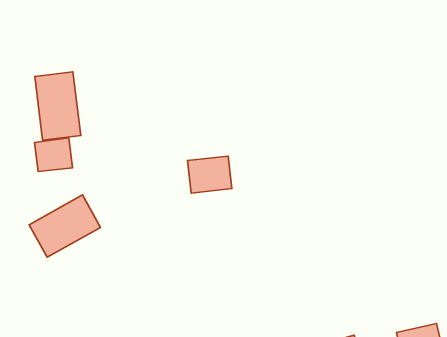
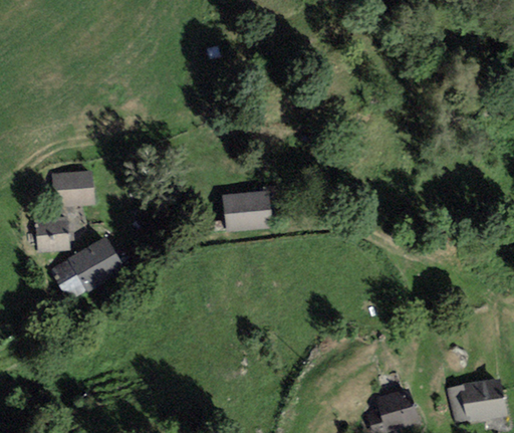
building: [35,72,81,140] -> none
building: none -> [36,216,70,255]

